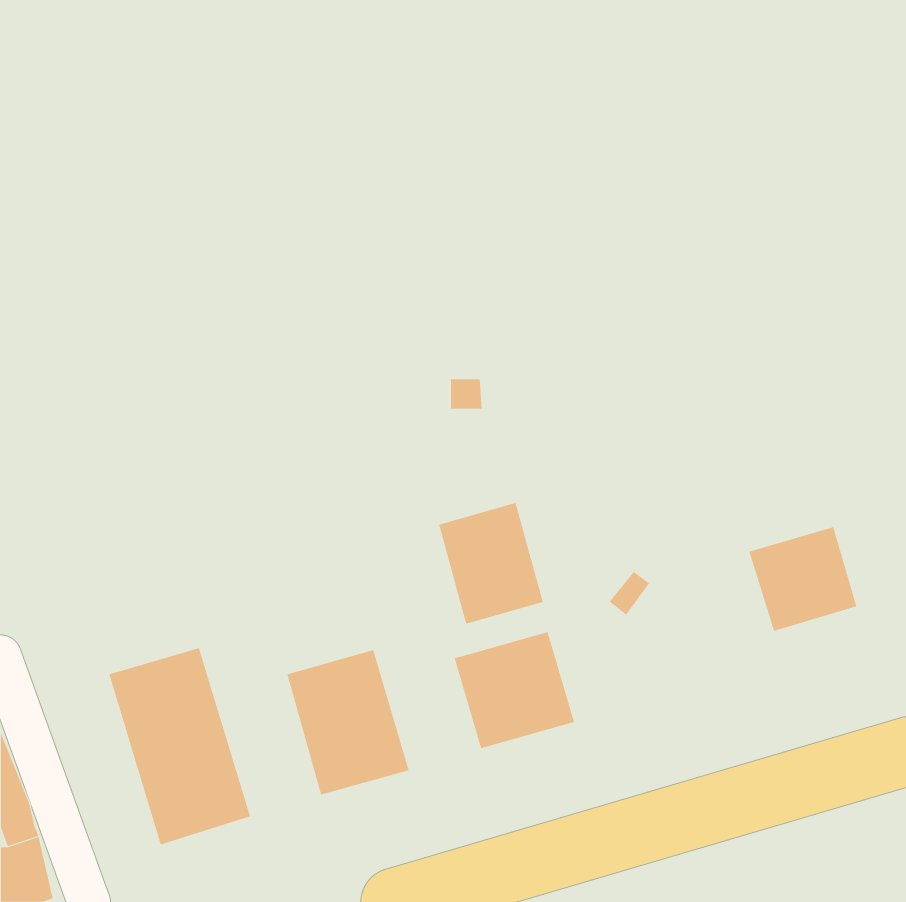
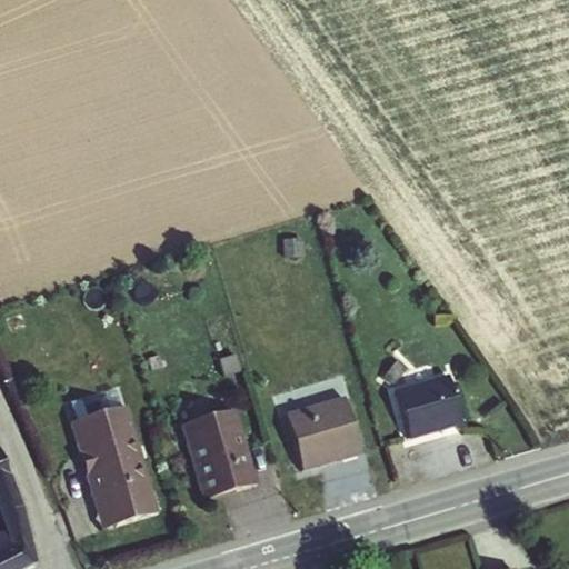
building: [438,502,543,624] -> none
building: [748,527,857,632] -> [395,371,462,437]

